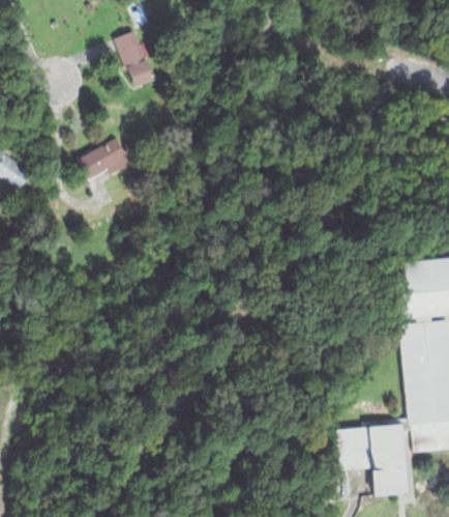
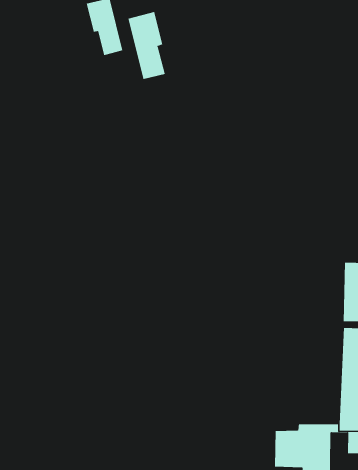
building: none -> [128,11,166,80]
building: [77,136,139,183] -> none

